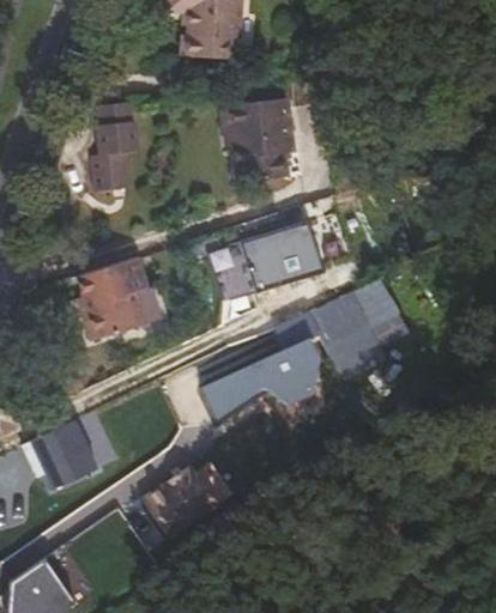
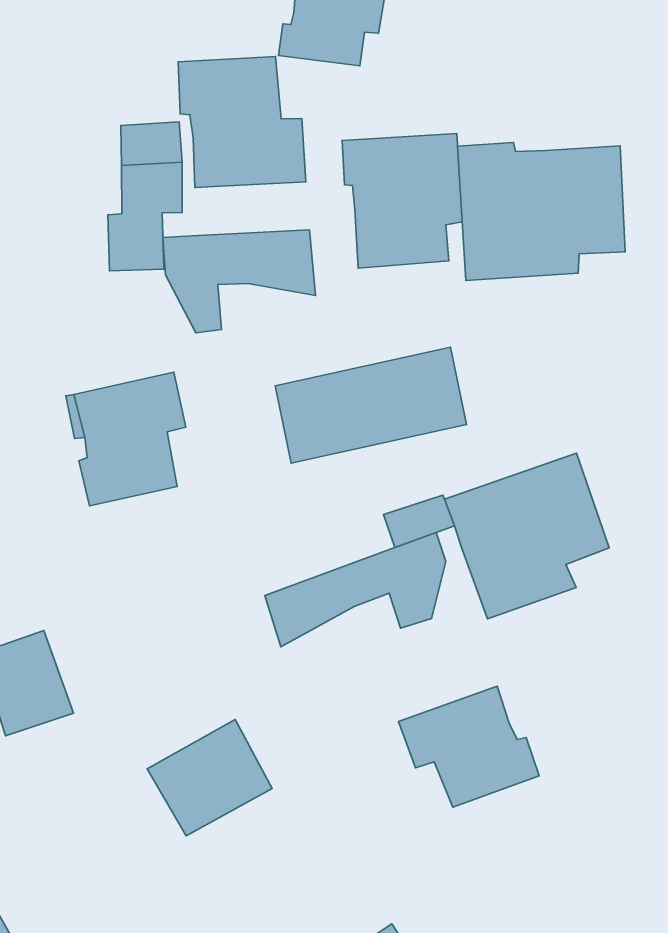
building: none -> [178,56,306,188]
building: none -> [458,142,625,280]
building: none -> [163,230,315,333]
building: none -> [399,686,539,807]

